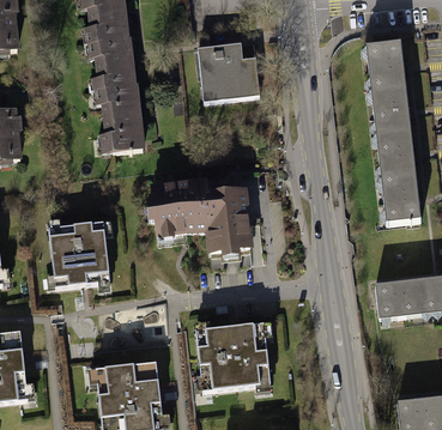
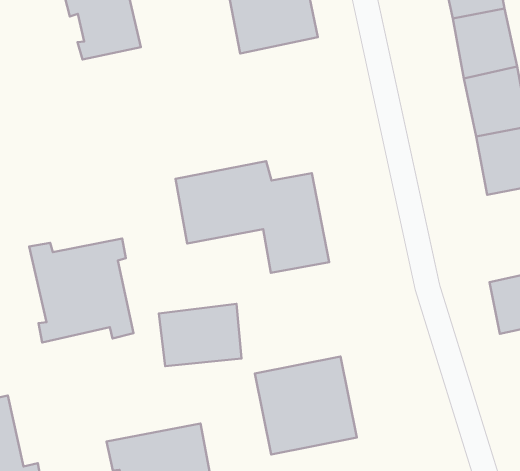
building: [96,85,147,153] -> none
building: none -> [159,304,241,366]

